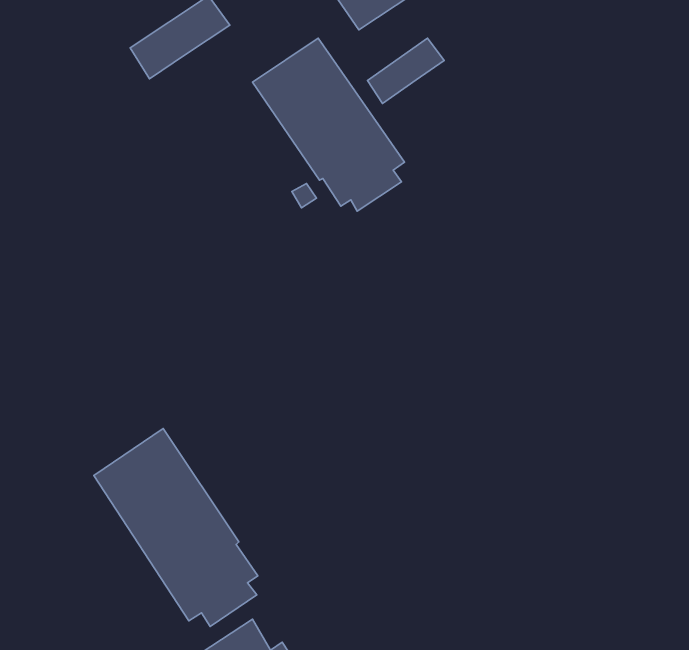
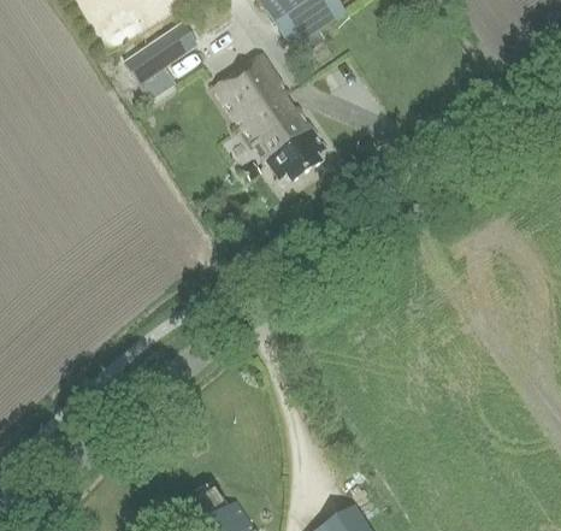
building: [367,38,444,104] -> none
building: [94,429,258,627] -> none

